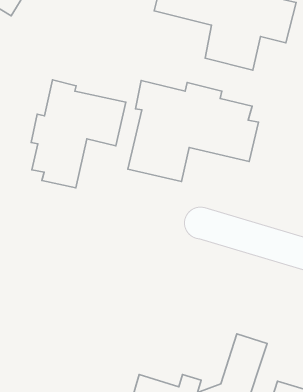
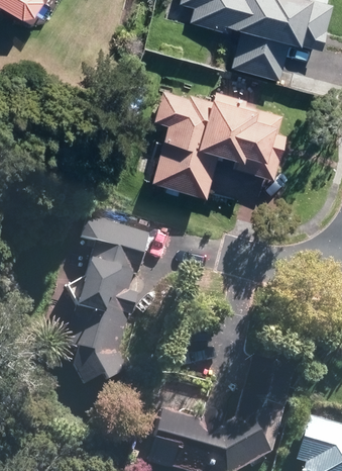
building: [31,80,126,188] -> none
building: none -> [49,215,153,385]

